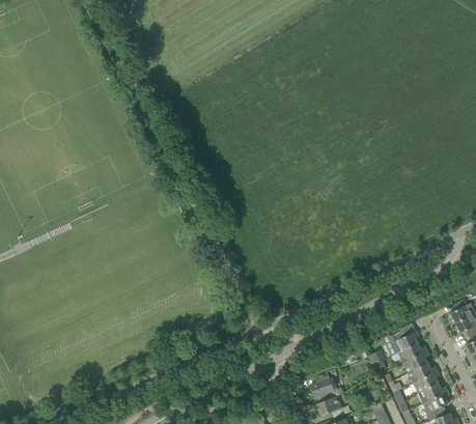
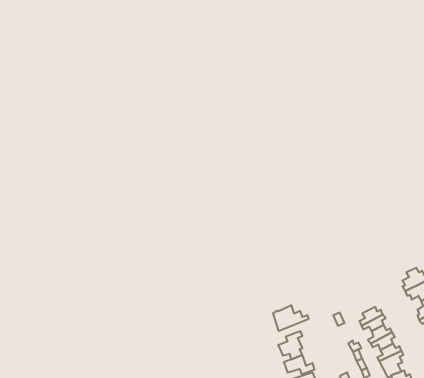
building: [389,331,419,354] -> none
building: none -> [273,305,309,331]

